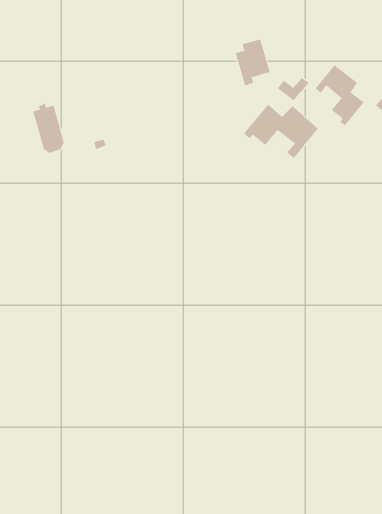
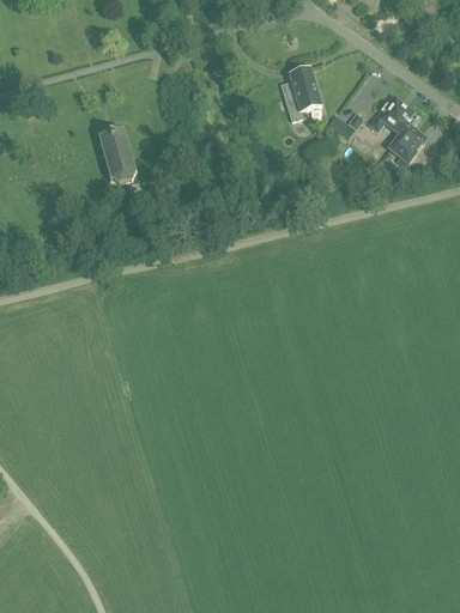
building: [33,103,65,154] -> [99,127,135,183]
building: [243,104,319,159] -> none

